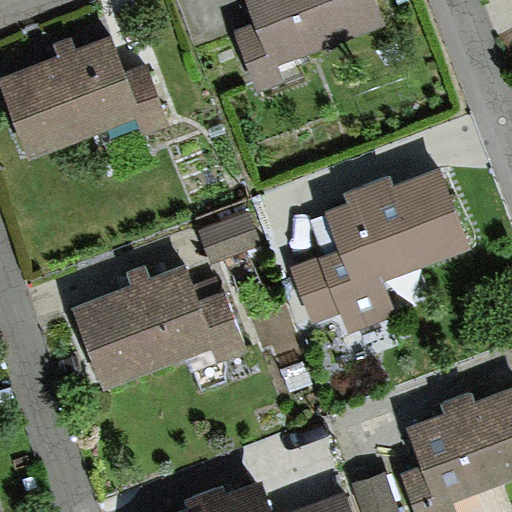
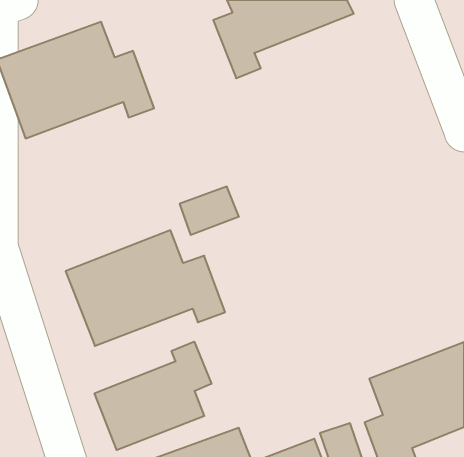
building: [289,165,471,335] -> none
building: none -> [95,342,211,450]

